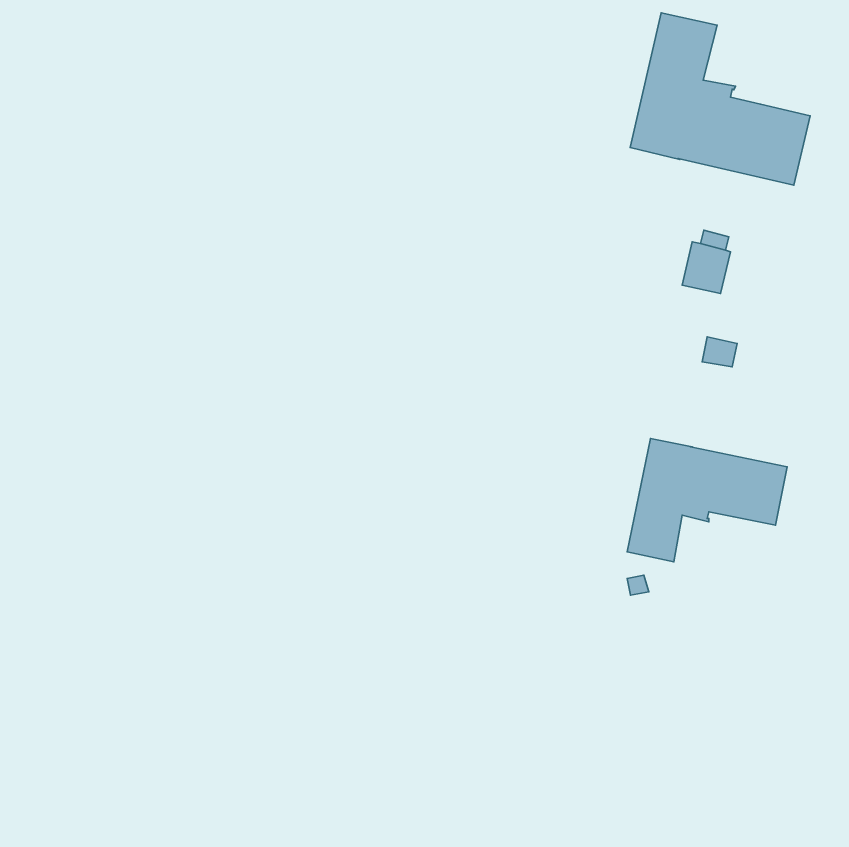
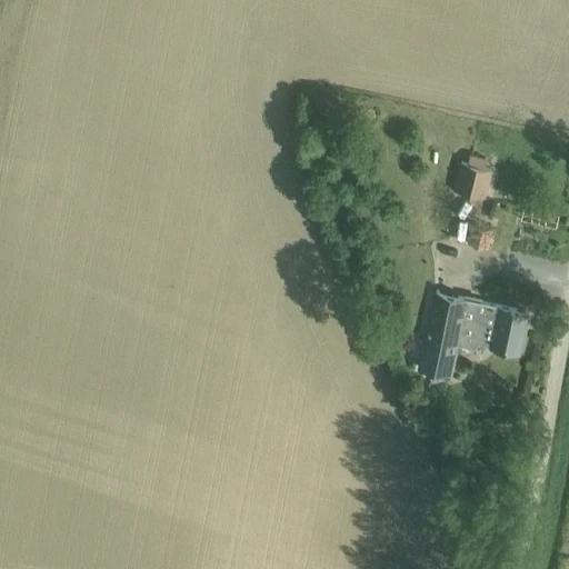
building: [630,13,810,185] -> none

